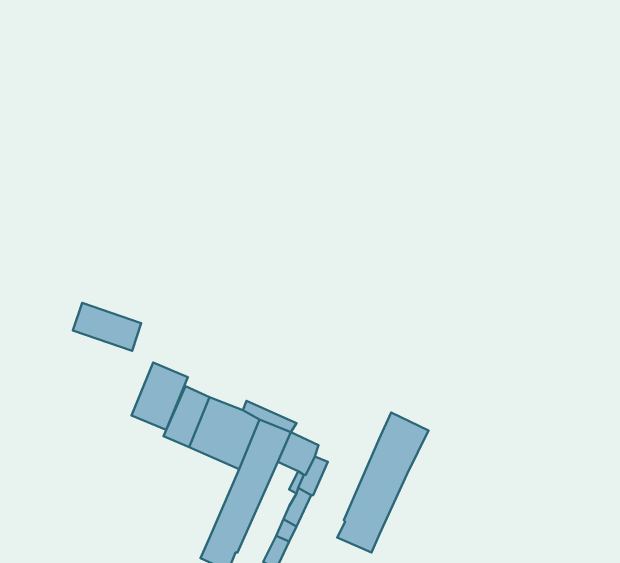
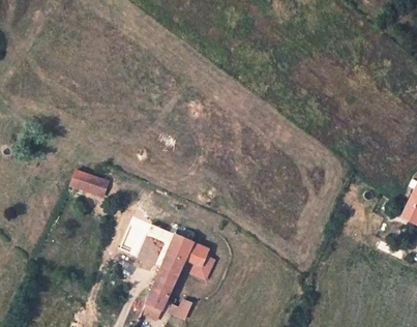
building: [132,363,188,430] -> none
building: [337,413,429,553] -> none

